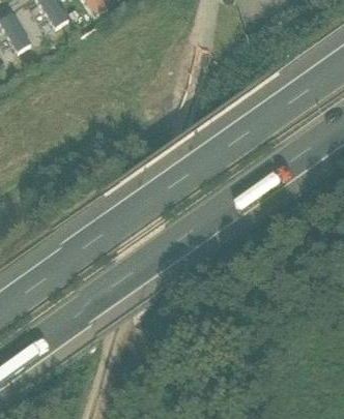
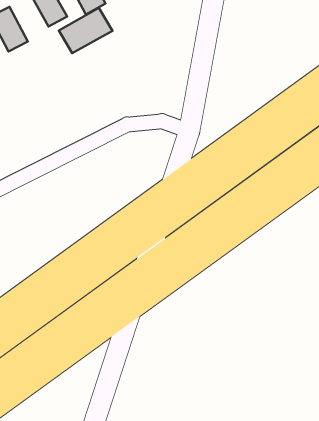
building: none -> [59,8,112,53]

